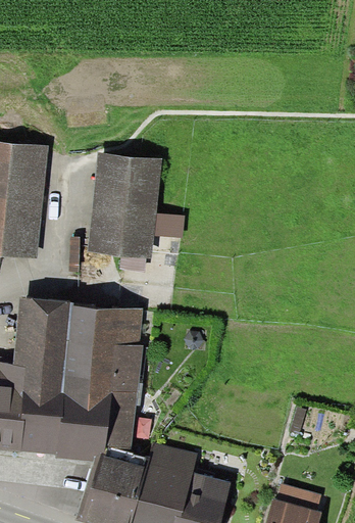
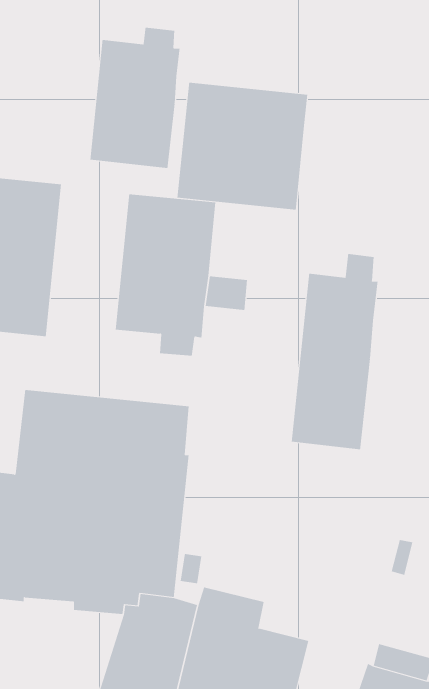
building: none -> [90,27,180,169]
building: none -> [177,82,308,210]
building: none -> [291,253,378,450]

